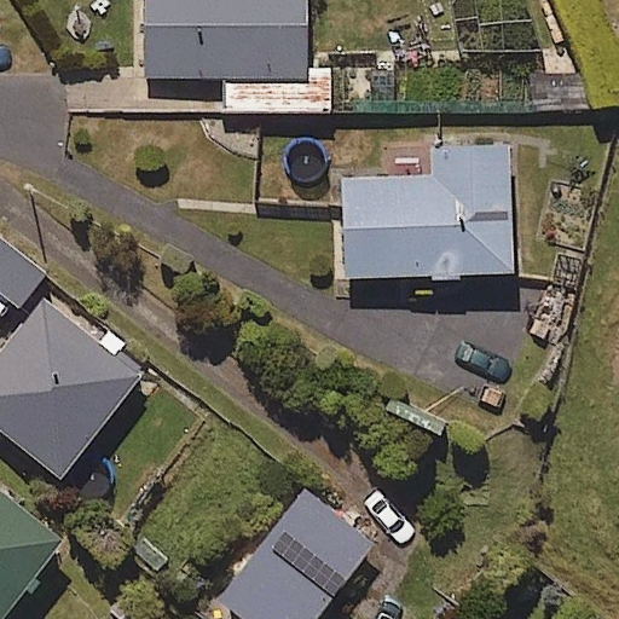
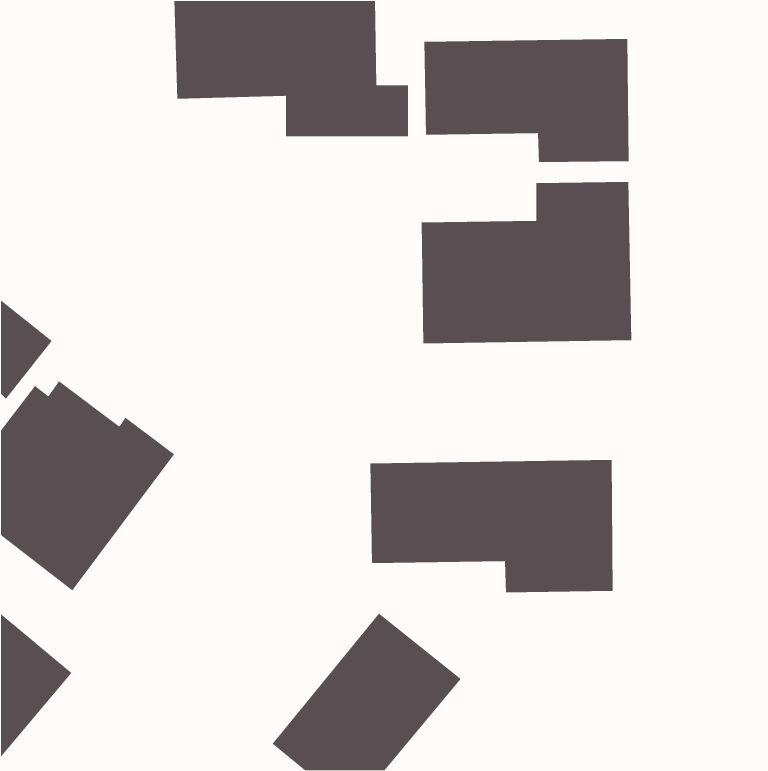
building: none -> [424,38,629,163]
building: none -> [370,459,614,593]

